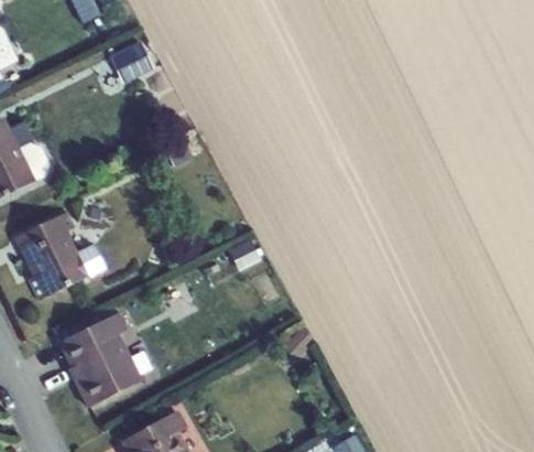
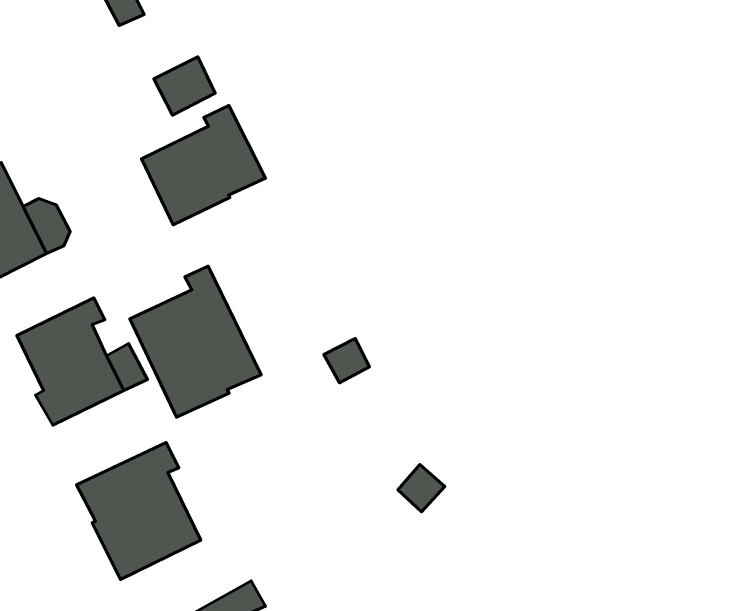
building: none -> [141,105,265,225]
building: none -> [130,266,261,417]

